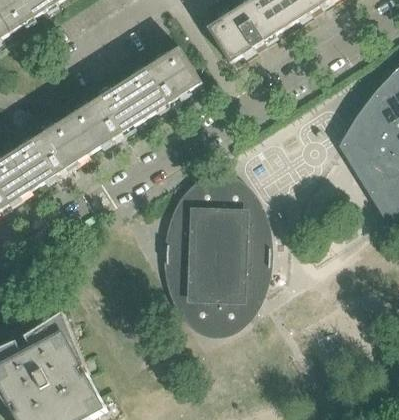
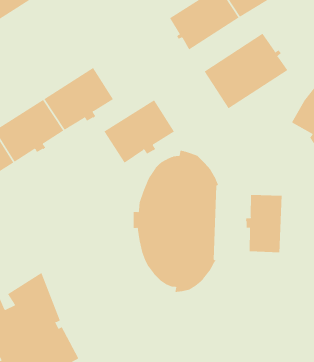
building: none -> [204,33,288,109]
building: [121,46,201,118] -> [104,99,175,164]
building: none -> [245,194,282,253]

